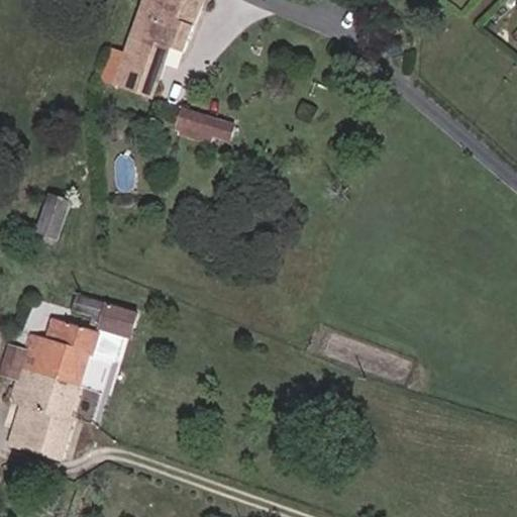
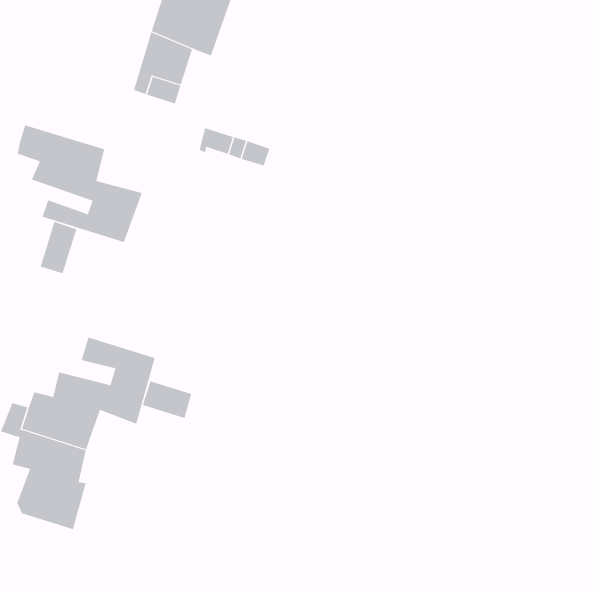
building: none -> [17,125,142,243]
building: none -> [142,381,192,419]

